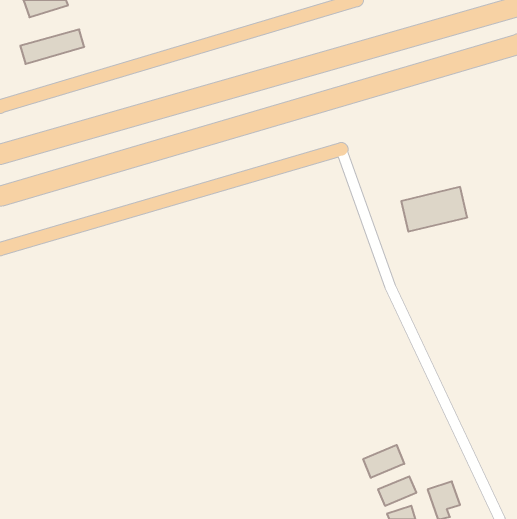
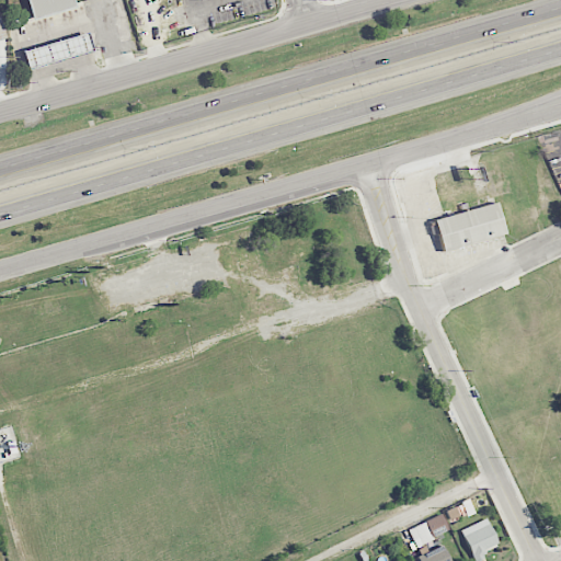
building: [363,445,404,478] -> none

